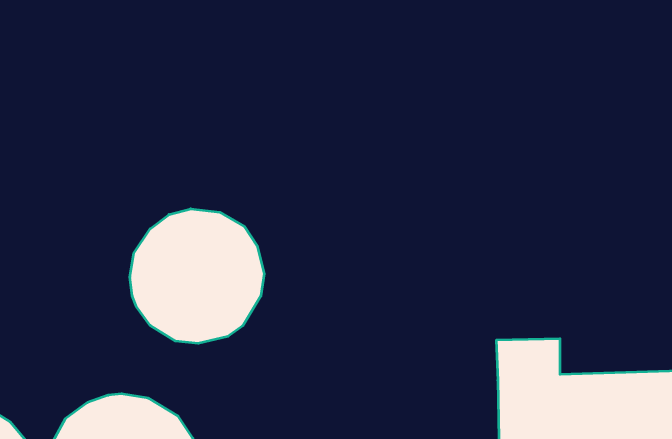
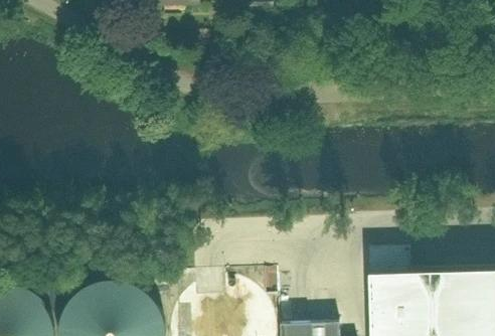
building: [130,209,264,343] -> none

